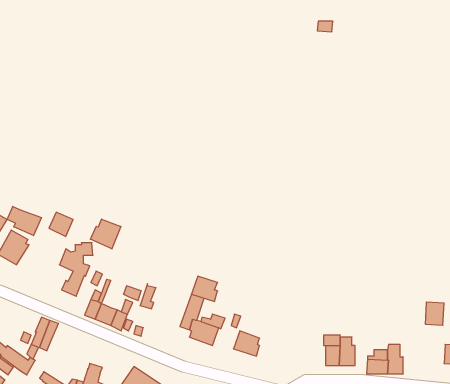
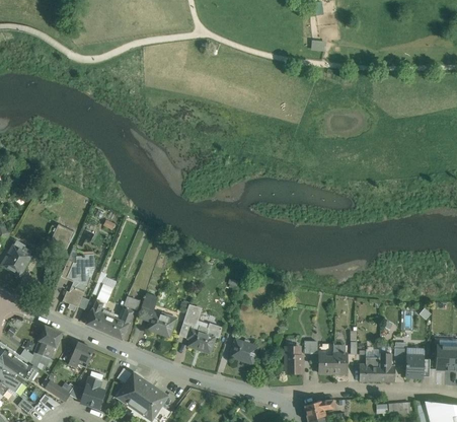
building: [7,206,41,236] -> none
building: [90,219,121,249] -> none
building: [191,276,218,301] -> [147,311,172,336]
building: [425,302,444,325] -> [406,354,425,376]
building: none -> [68,342,94,366]
building: none -> [285,346,303,373]

